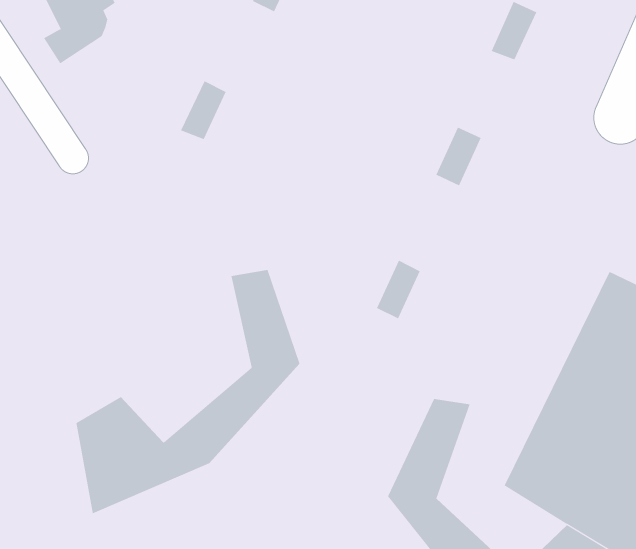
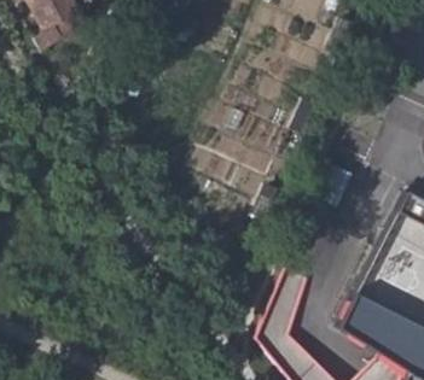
building: [76,269,300,514] -> none

